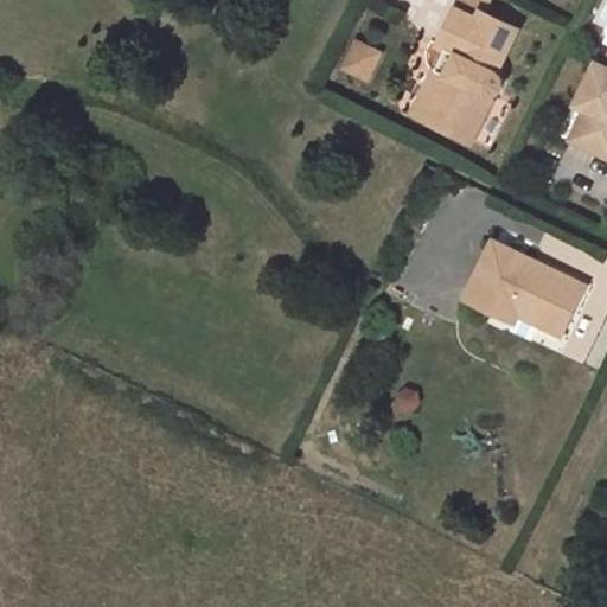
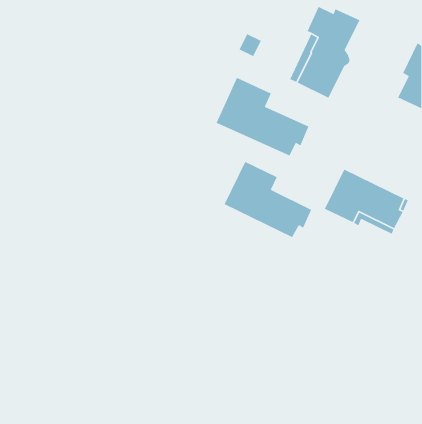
building: none -> [216,77,309,156]
building: none -> [224,161,312,238]

